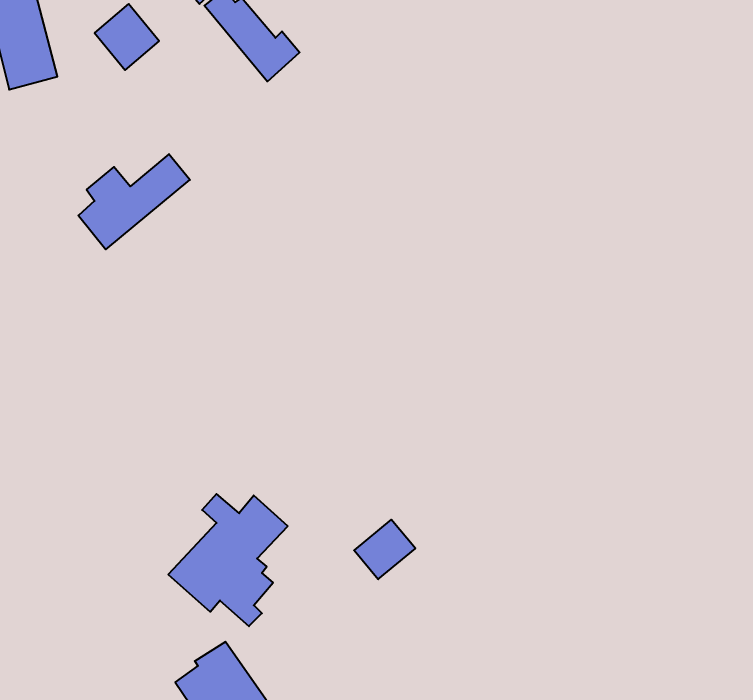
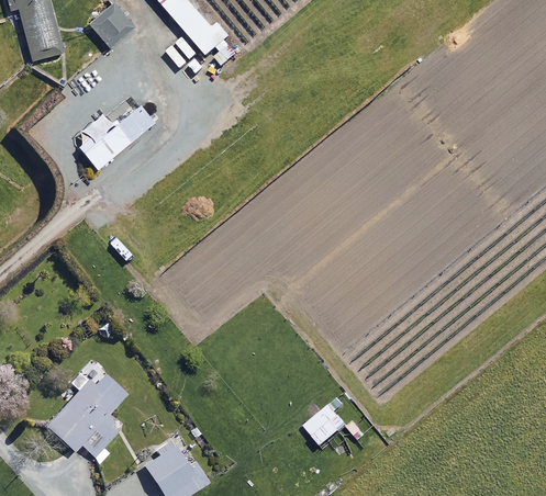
building: [168,494,288,626] -> [46,371,127,461]
building: [354,520,415,579] -> [304,404,346,444]

